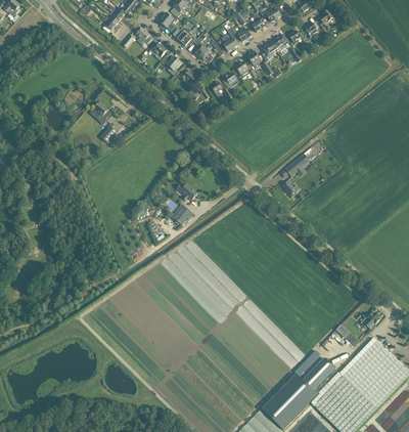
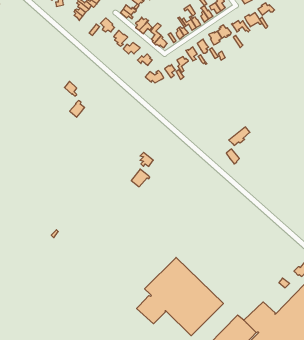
building: none -> [137,257,223,336]

